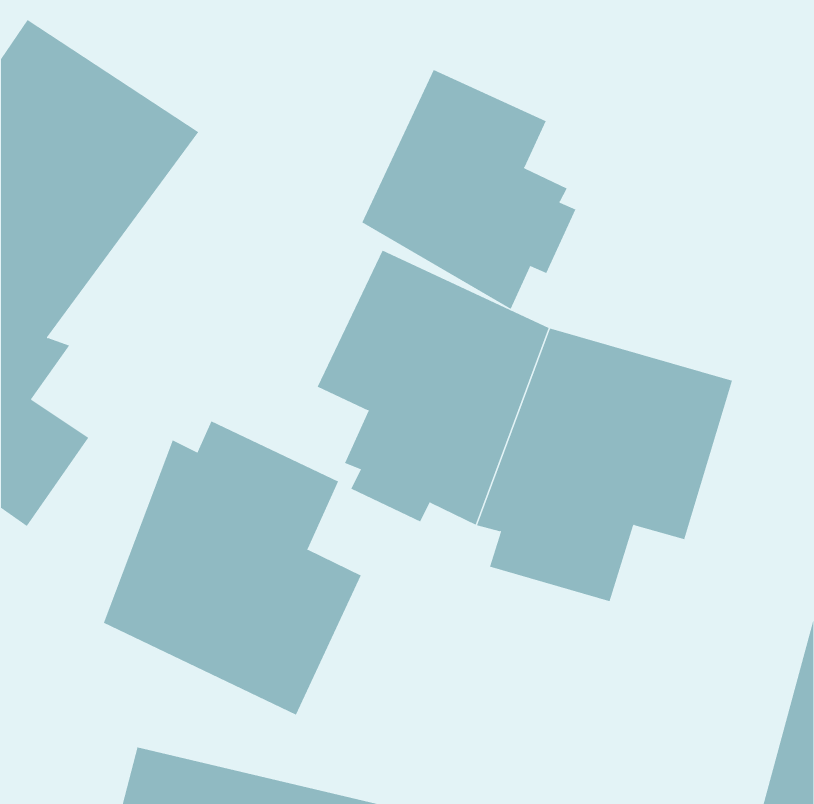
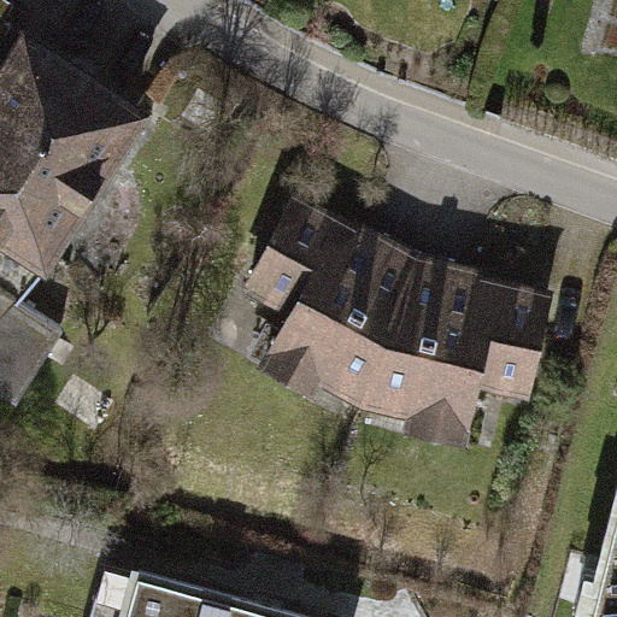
building: [362,69,576,310] -> none
building: [103,420,362,716] -> none

